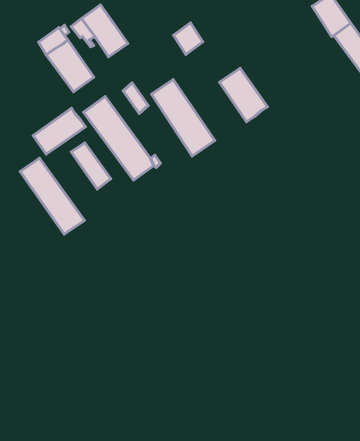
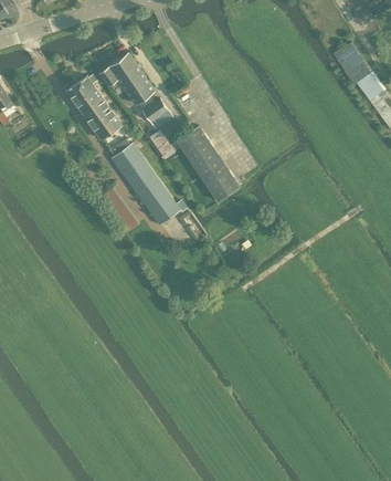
building: [173,23,203,54] -> [144,98,172,129]
building: [220,68,268,122] -> none
building: [33,108,85,154] -> none
building: [20,158,85,234] -> none

